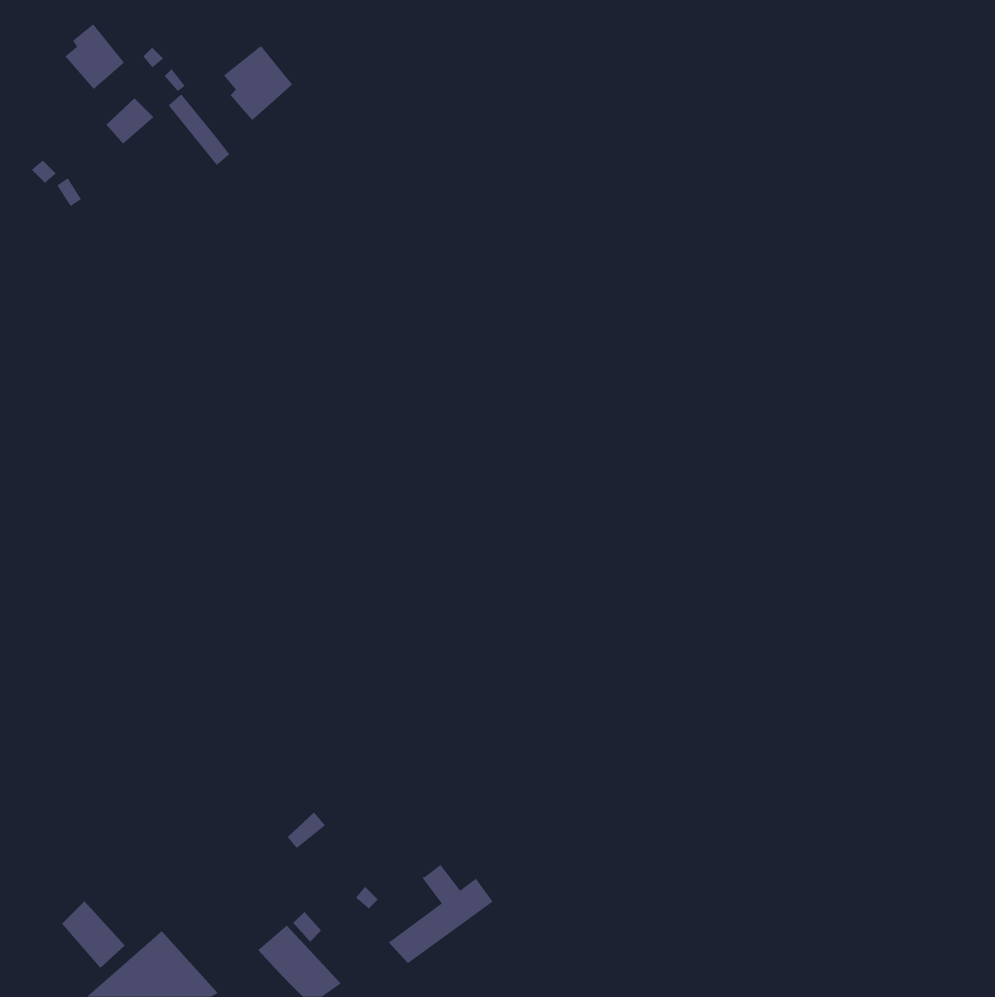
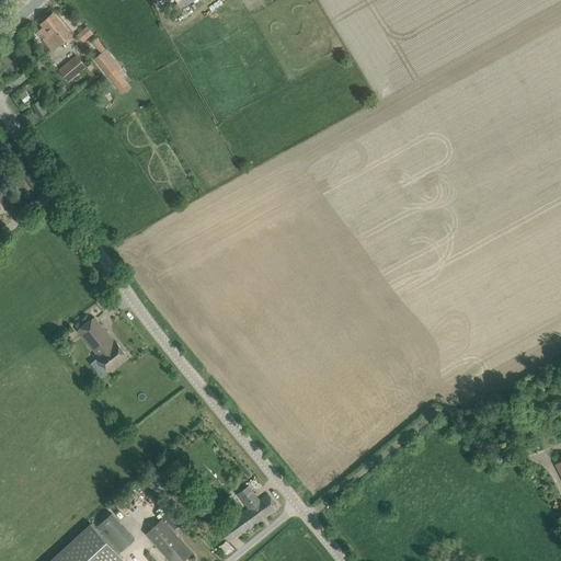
building: [223,45,293,121] -> none
building: none -> [77,317,127,370]
building: [61,901,126,969] -> [98,513,134,551]

